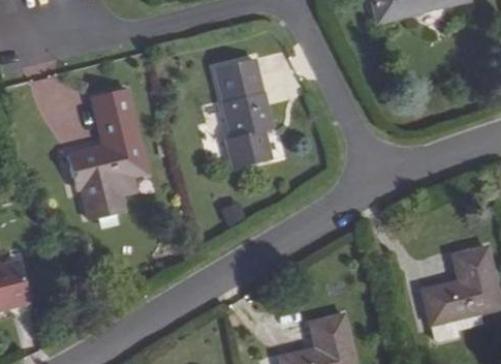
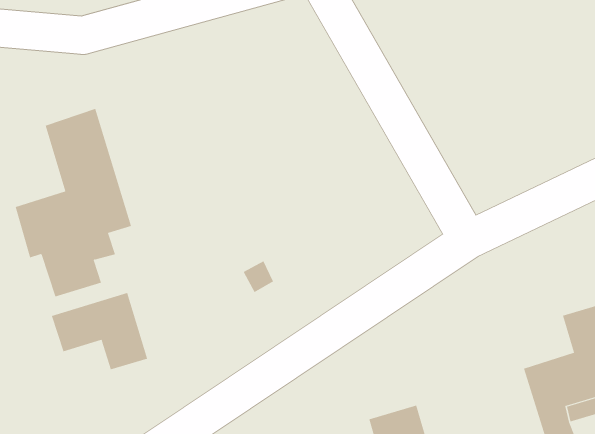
building: [216,58,273,169] -> none
building: none -> [51,292,148,370]

